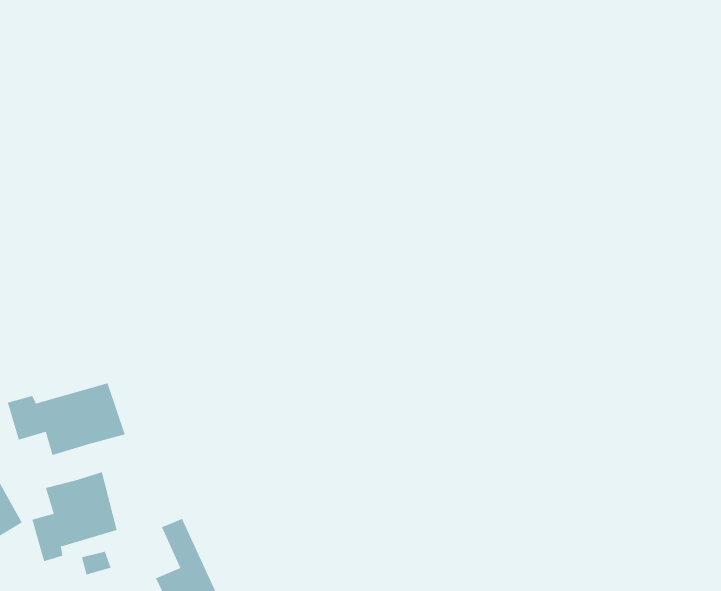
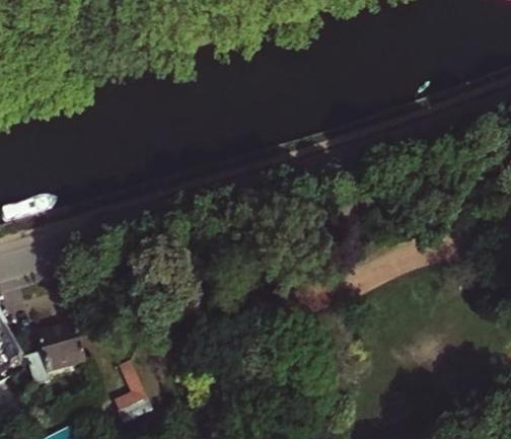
building: [7,382,126,456] -> none

